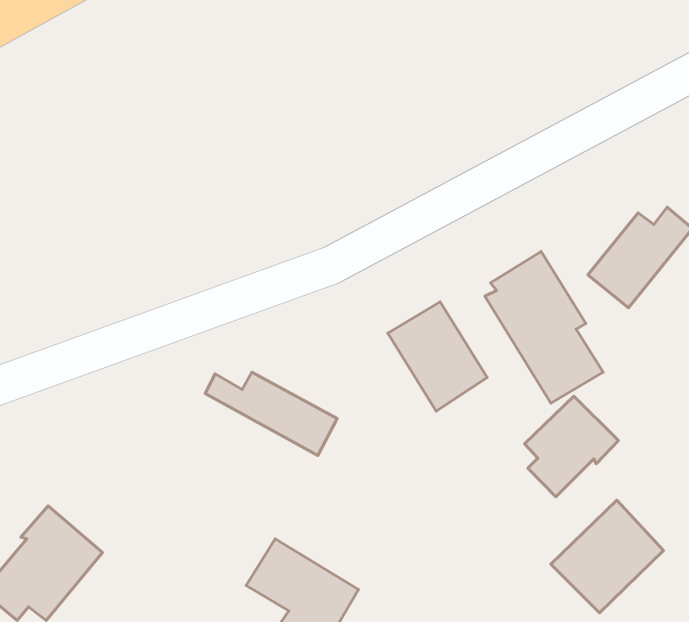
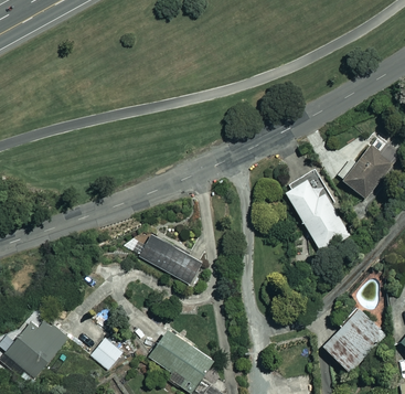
building: [388,302,487,411] -> none
building: [525,396,618,497] -> none
building: none -> [90,337,122,369]

